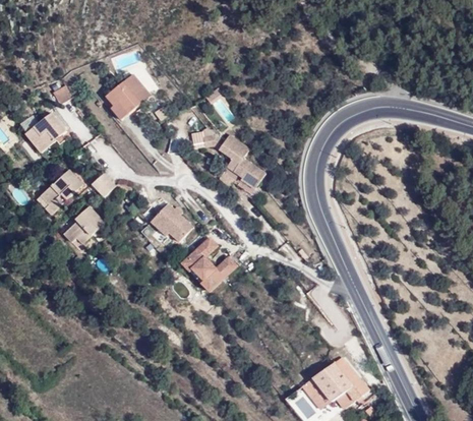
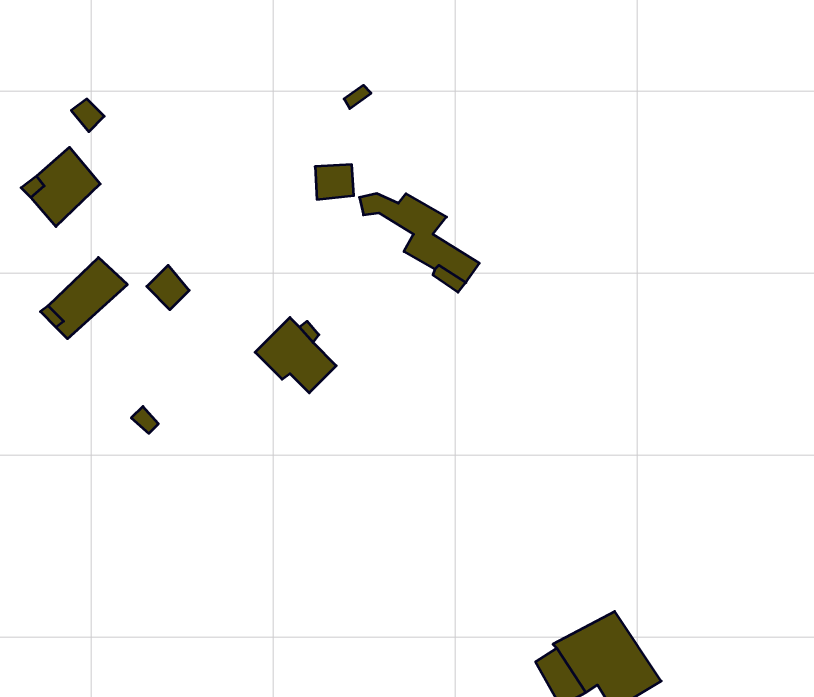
building: [107,76,150,121] -> none
building: [64,207,104,243] -> none
building: [181,238,234,292] -> none

